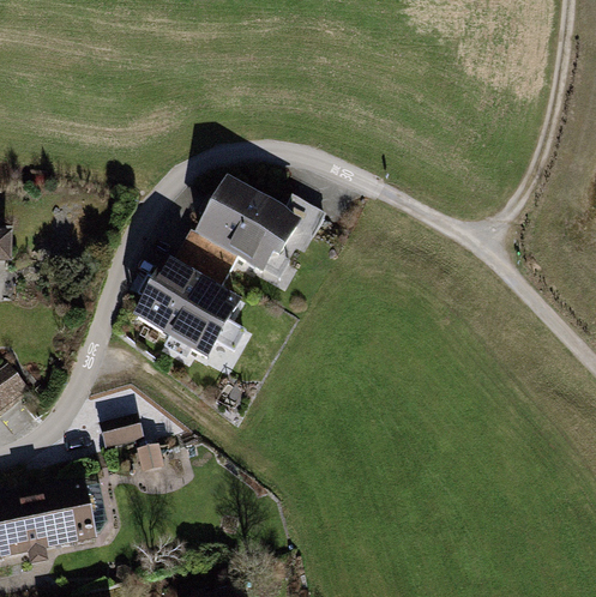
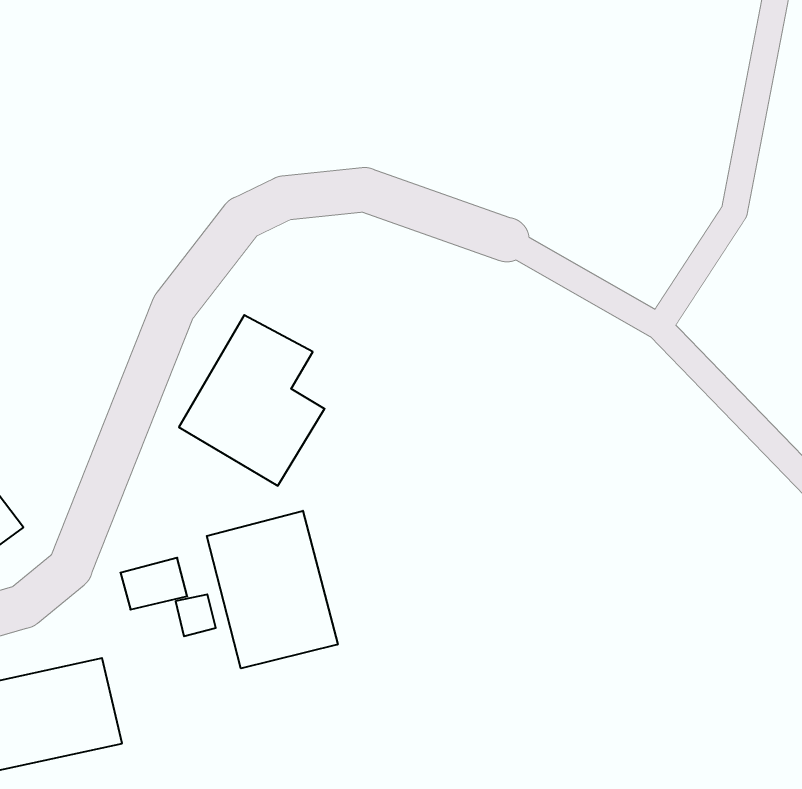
building: [189,173,321,279] -> none
building: none -> [207,511,338,668]

